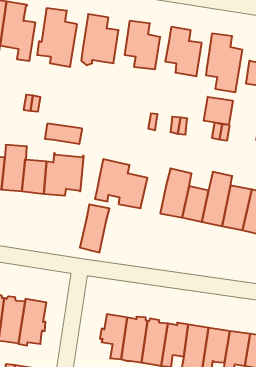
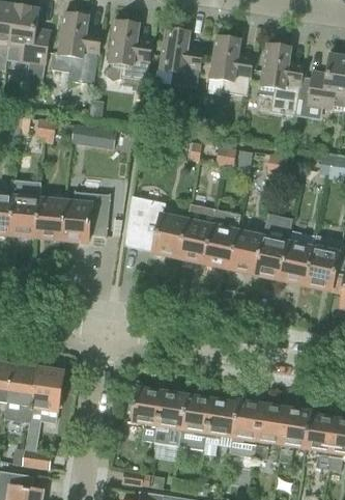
building: [204,97,233,125] -> none
building: [45,124,82,144] -> [70,122,116,147]
building: [80,204,110,253] -> [178,203,214,262]

